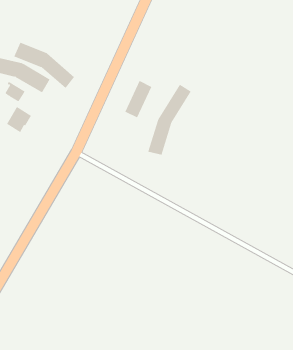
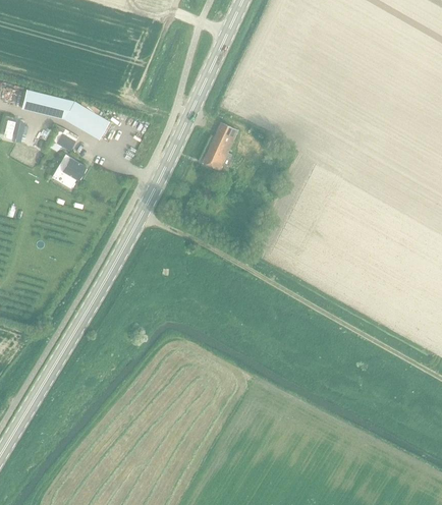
building: [14,42,75,89] -> none
building: [148,84,192,156] -> none

